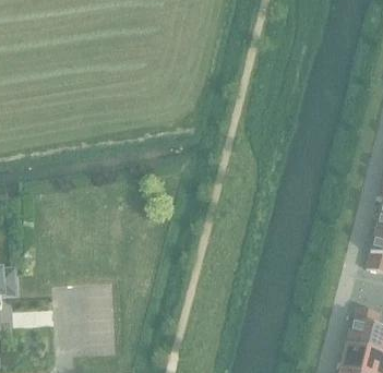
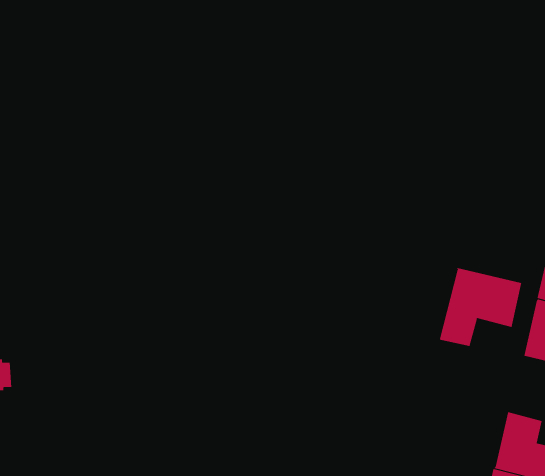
building: none -> [439,267,522,347]

